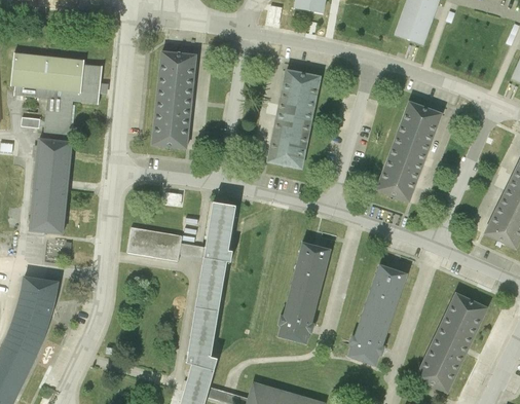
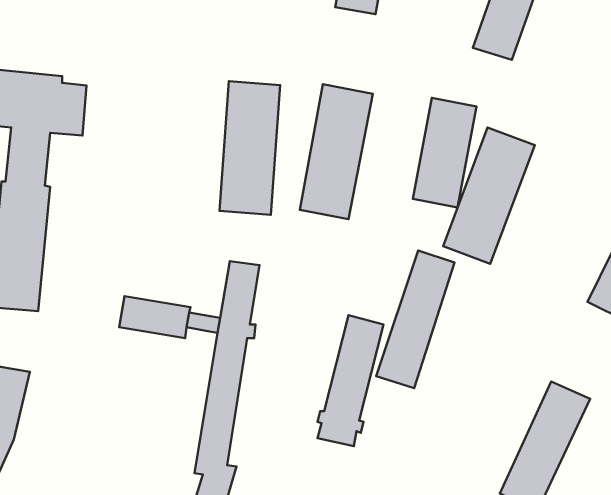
building: [150,46,196,148] -> [219,81,280,215]
building: none -> [413,98,477,208]
building: [346,259,406,364] -> [376,251,455,388]

